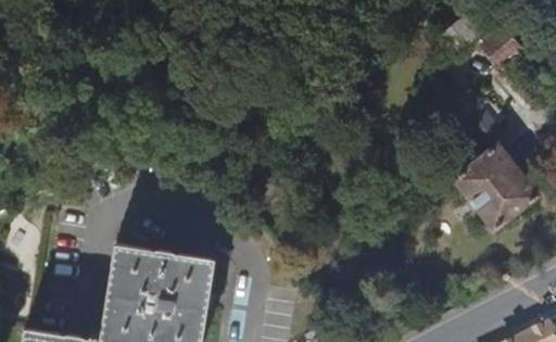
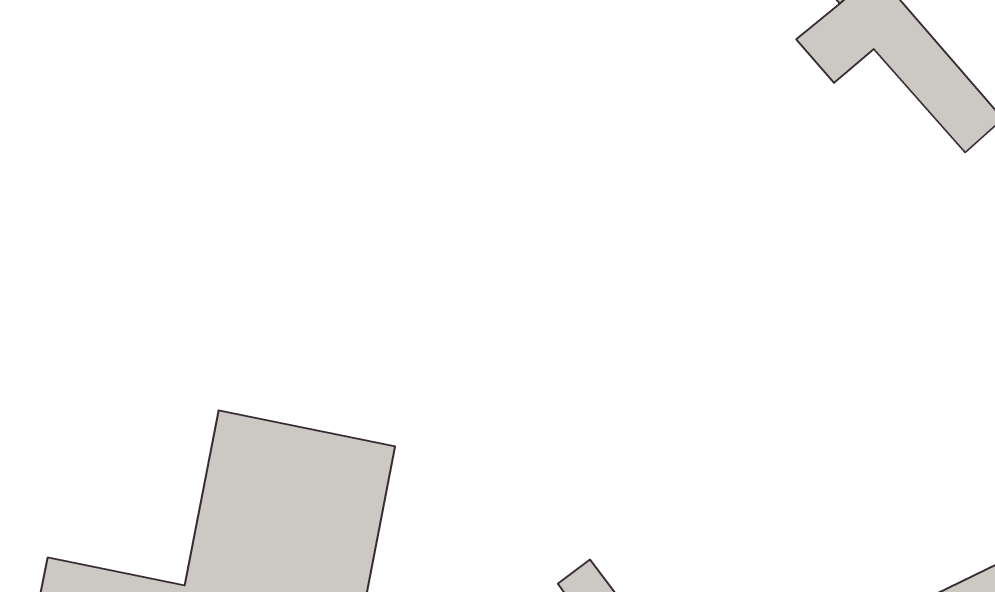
building: [452,145,538,232] -> none

